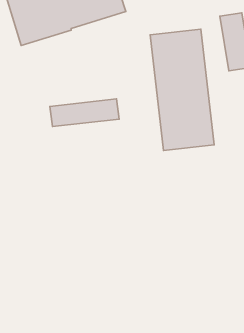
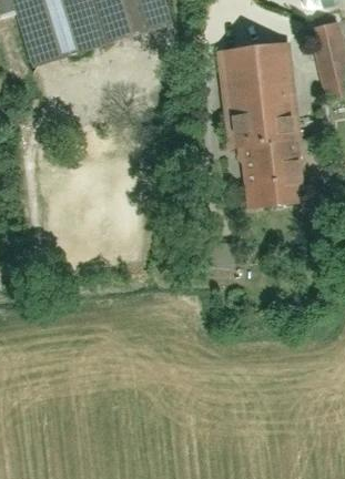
building: [50,99,119,127] -> none

